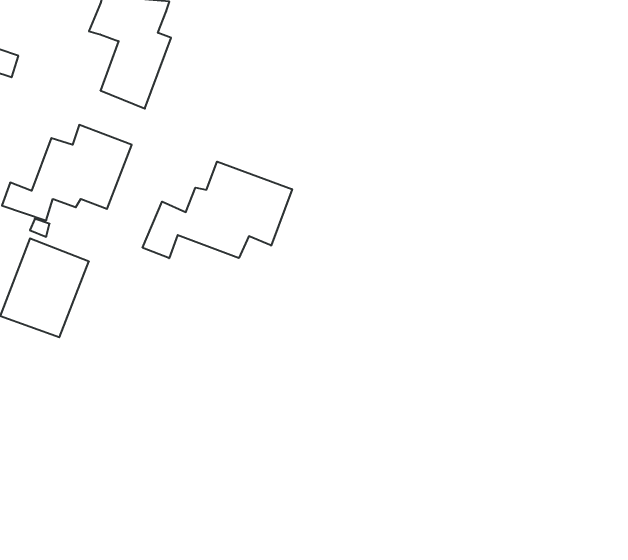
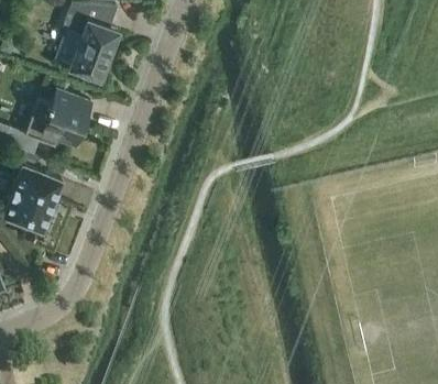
building: [143,162,292,258] -> none

